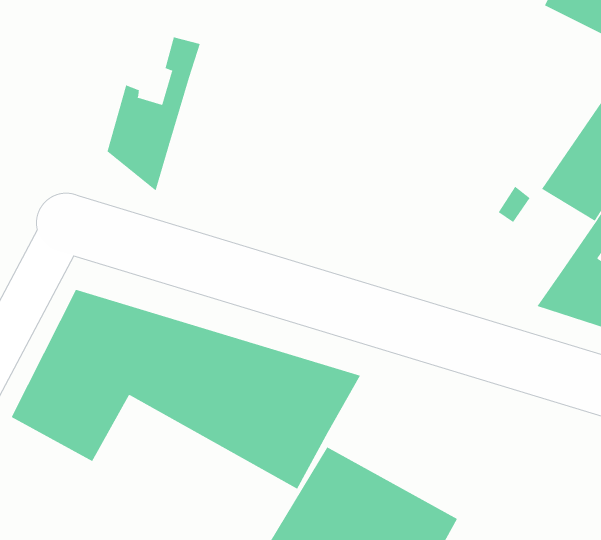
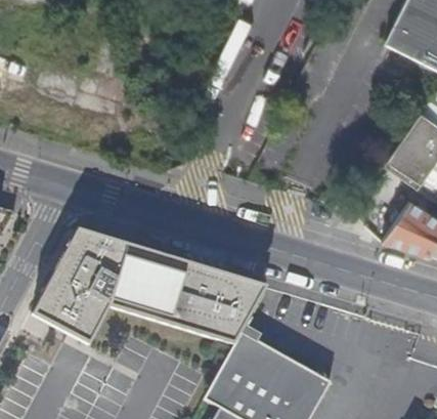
building: [107,37,201,192] -> none

